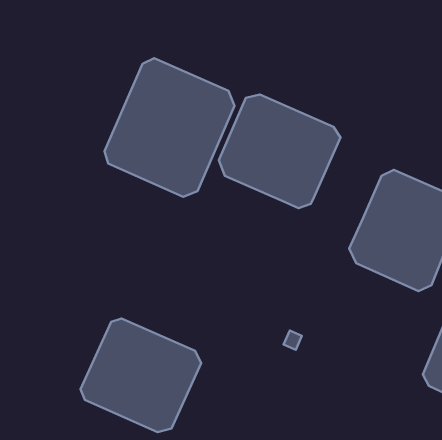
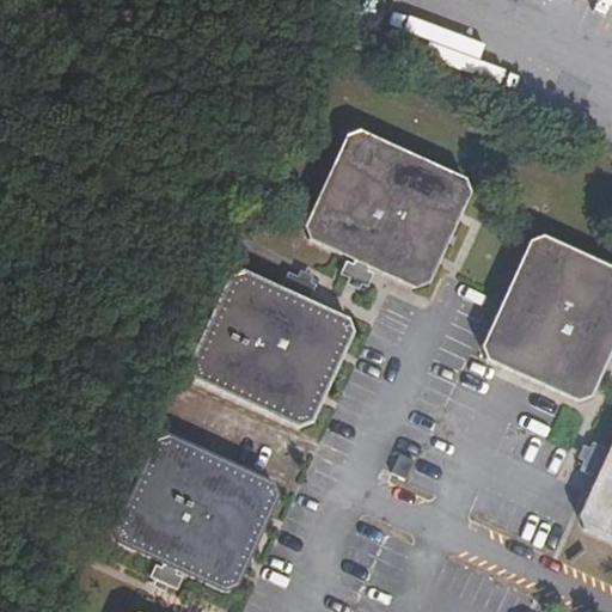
building: [105,58,235,197] -> none
building: none -> [192,269,354,426]

